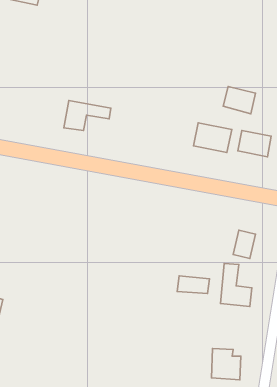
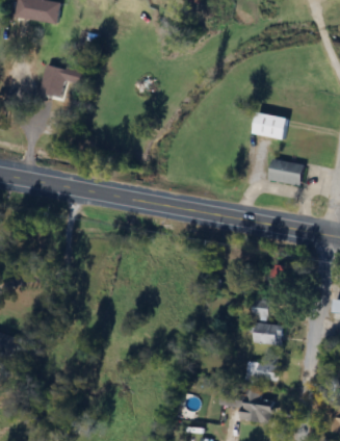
building: [64,100,111,131] -> [38,64,88,97]
building: [193,123,232,152] -> none
building: [177,276,210,293] -> [243,362,278,381]

